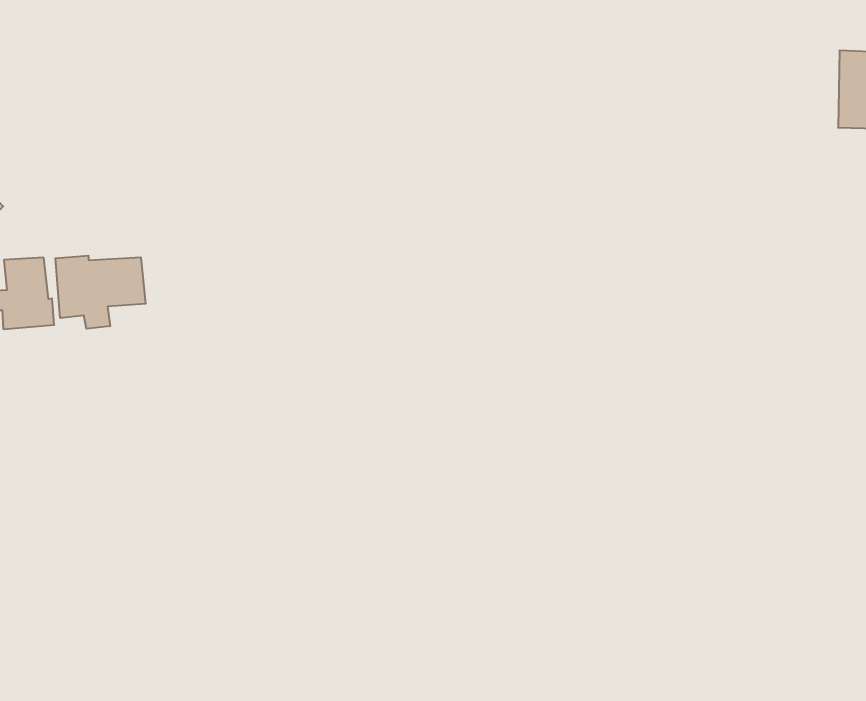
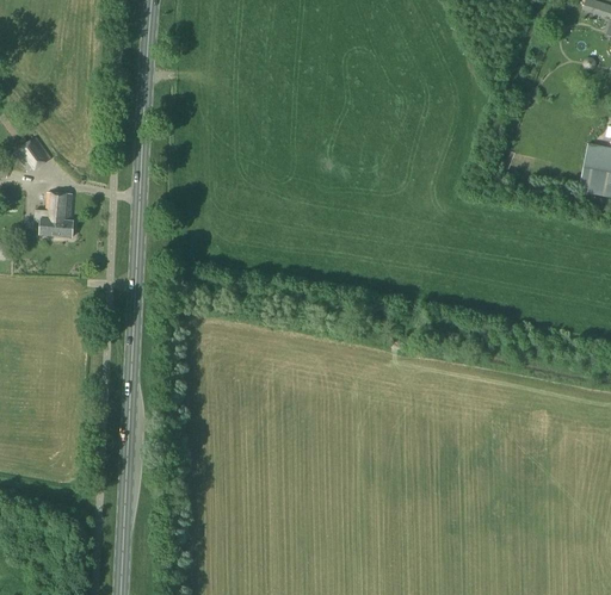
building: [55,256,146,329] -> none

